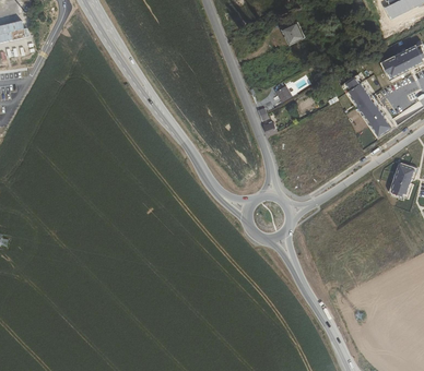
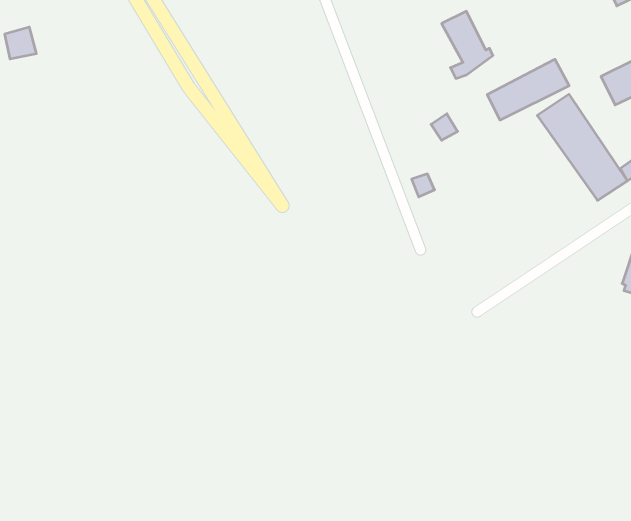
building: none -> [487,59,569,120]

